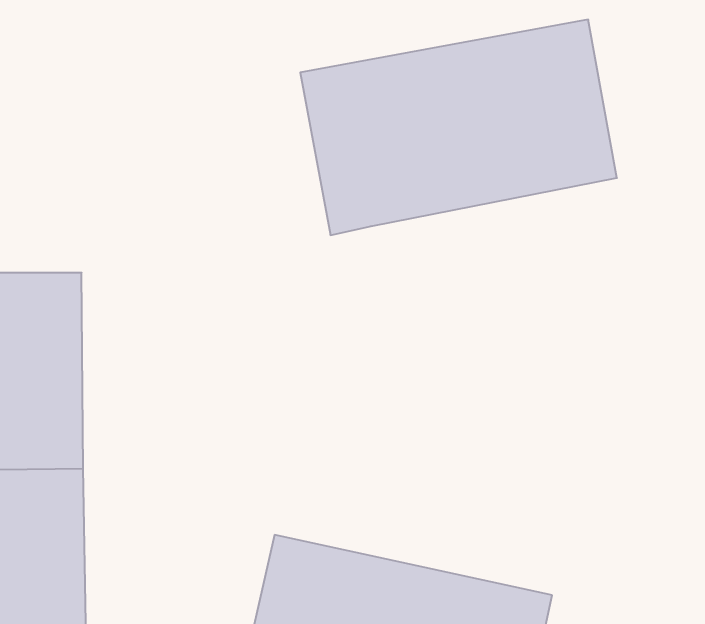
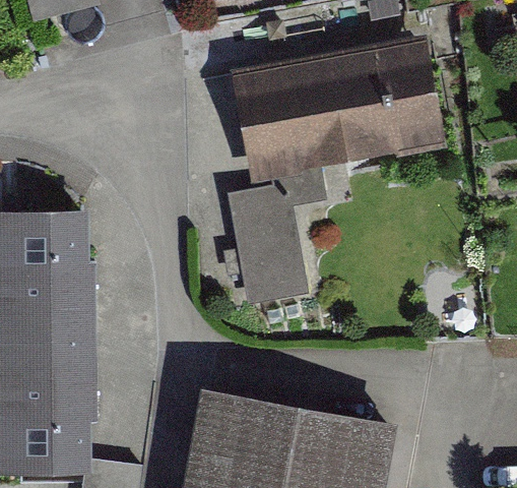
building: none -> [223,180,306,305]

